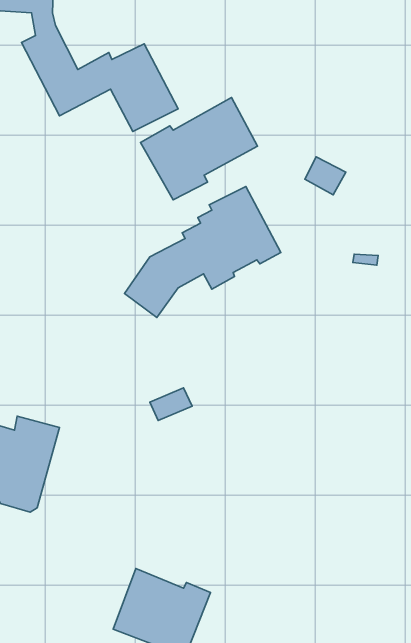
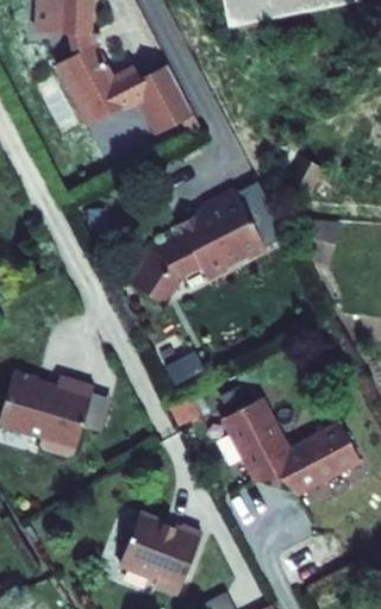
building: [140,97,258,200] -> none
building: none -> [227,397,366,496]

